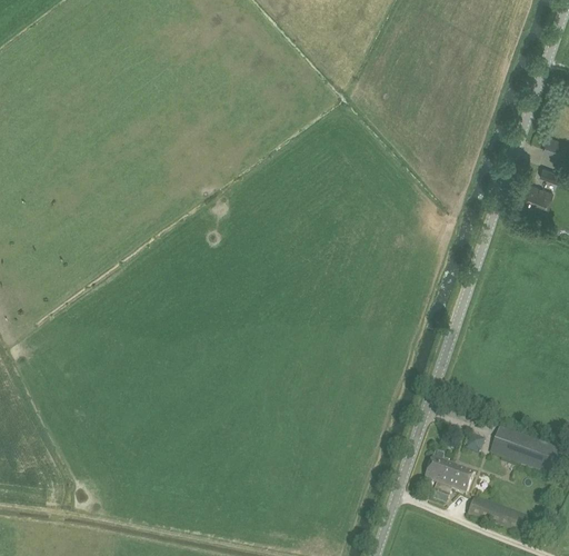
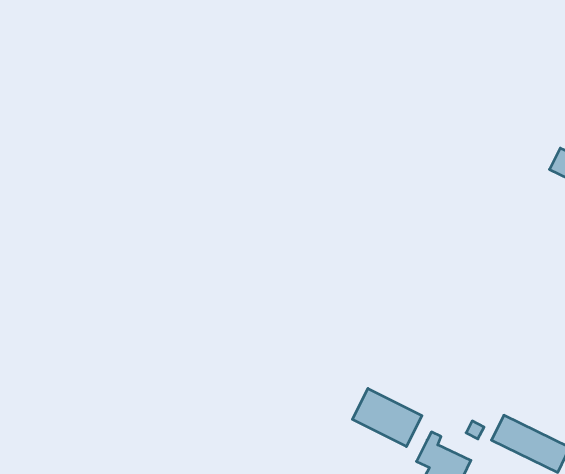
building: none -> [352,388,422,447]

